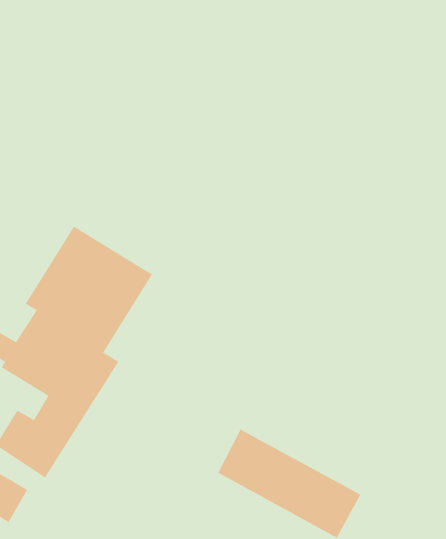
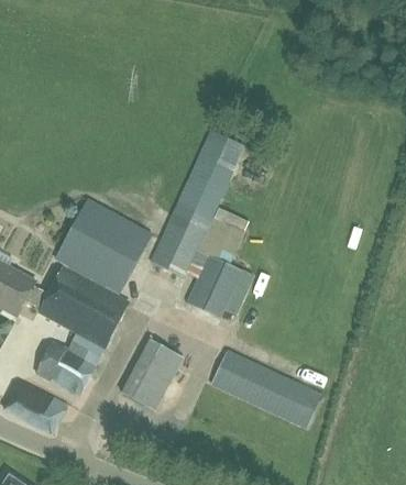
building: none -> [151,130,245,319]
building: none -> [120,339,184,411]

